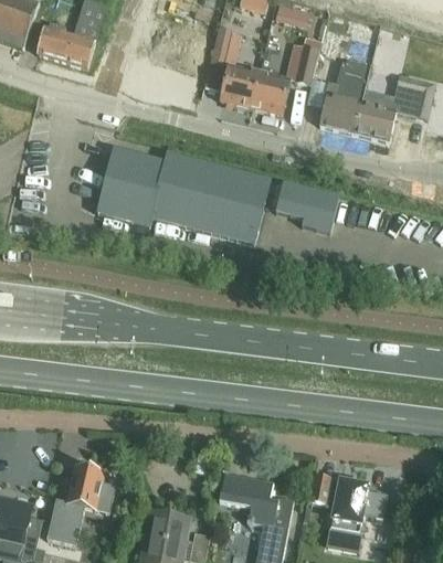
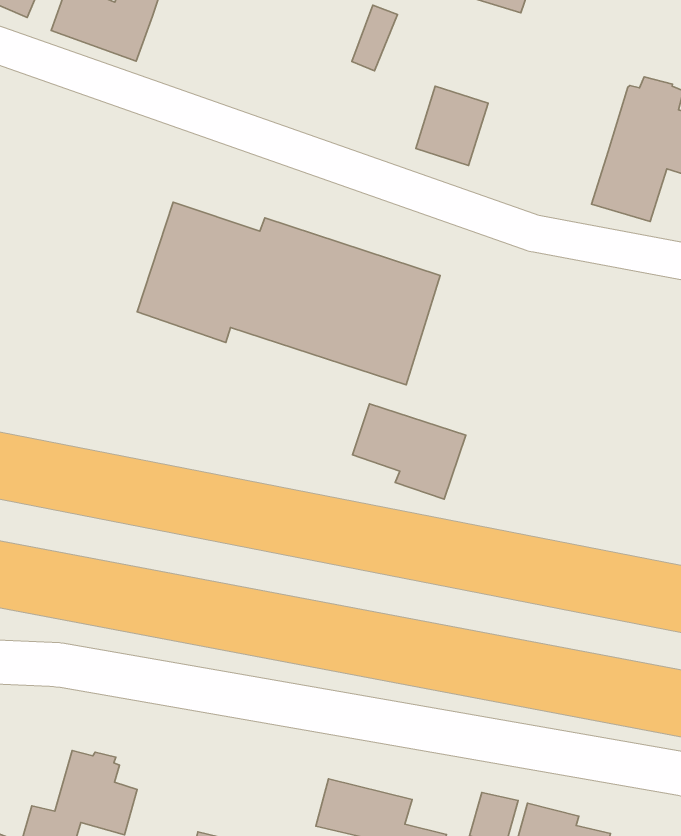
building: [288,44,319,84] -> none
building: [319,60,370,134] -> none
building: [220,65,260,108] -> none
building: [275,181,339,233] -> [353,404,466,499]

